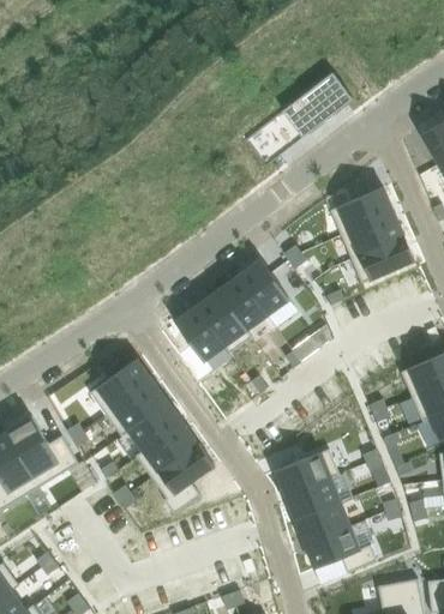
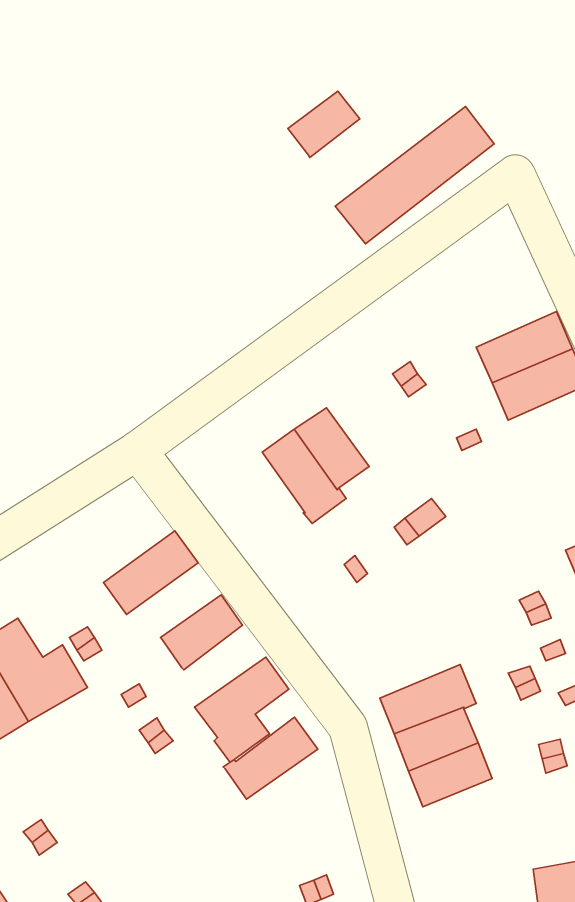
building: none -> [288,91,360,157]
building: [330,186,395,234] -> none
building: [240,259,290,314] -> none
building: [175,305,226,379] -> none
building: [106,379,169,435] -> none
building: [136,421,199,476] -> [223,717,318,799]
building: [305,524,378,572] -> none

